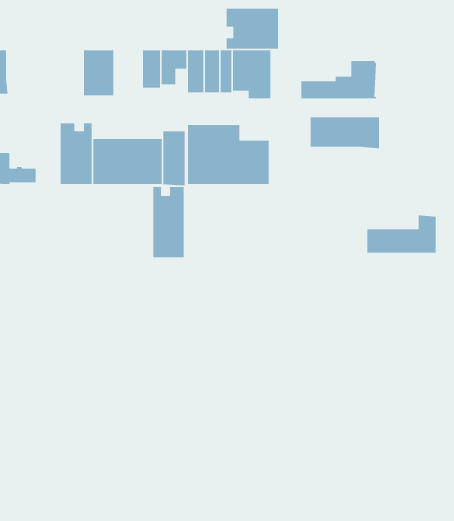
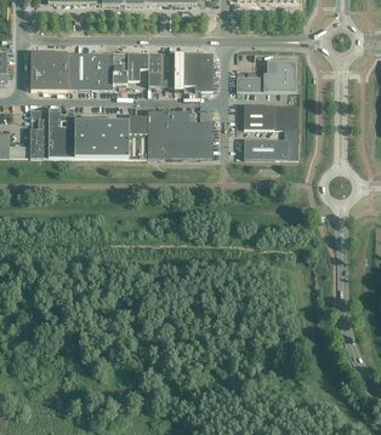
building: [226,8,279,49] -> none
building: none -> [29,51,66,88]
building: none -> [90,51,112,87]
building: none -> [29,108,47,156]
building: [152,186,185,258] -> none
building: [366,215,436,253] -> [243,127,297,158]

